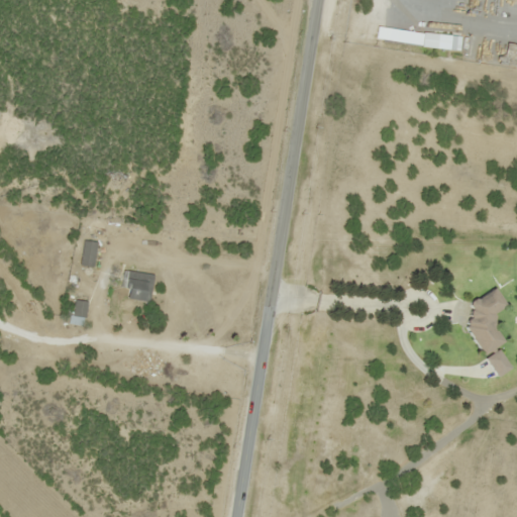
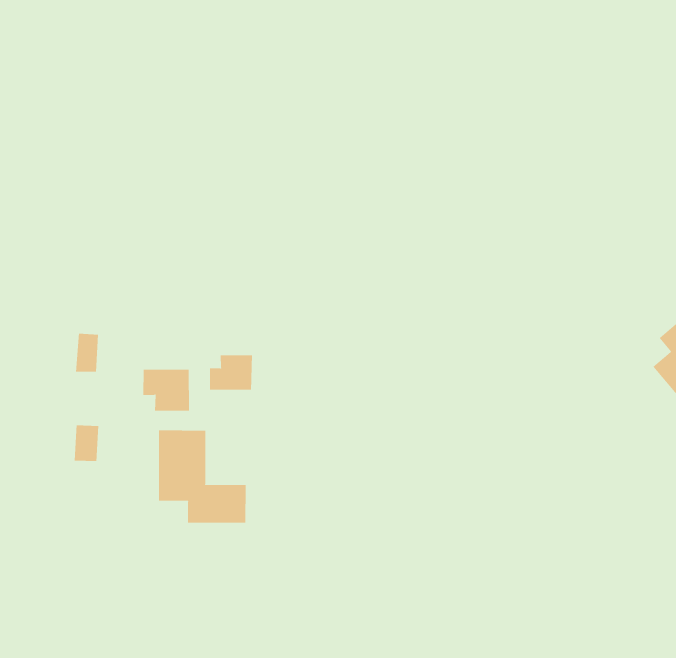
building: none -> [210,355,252,390]
building: none -> [158,429,246,524]

